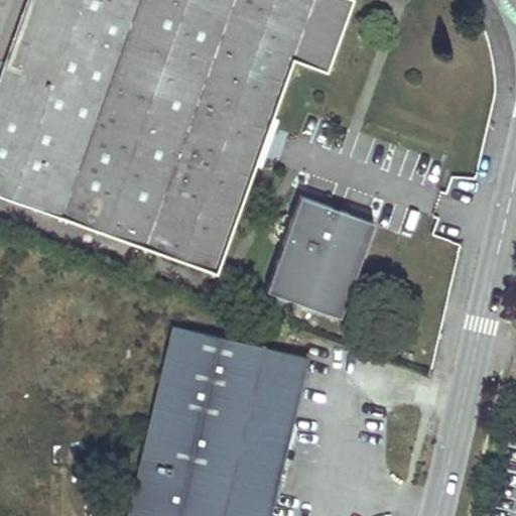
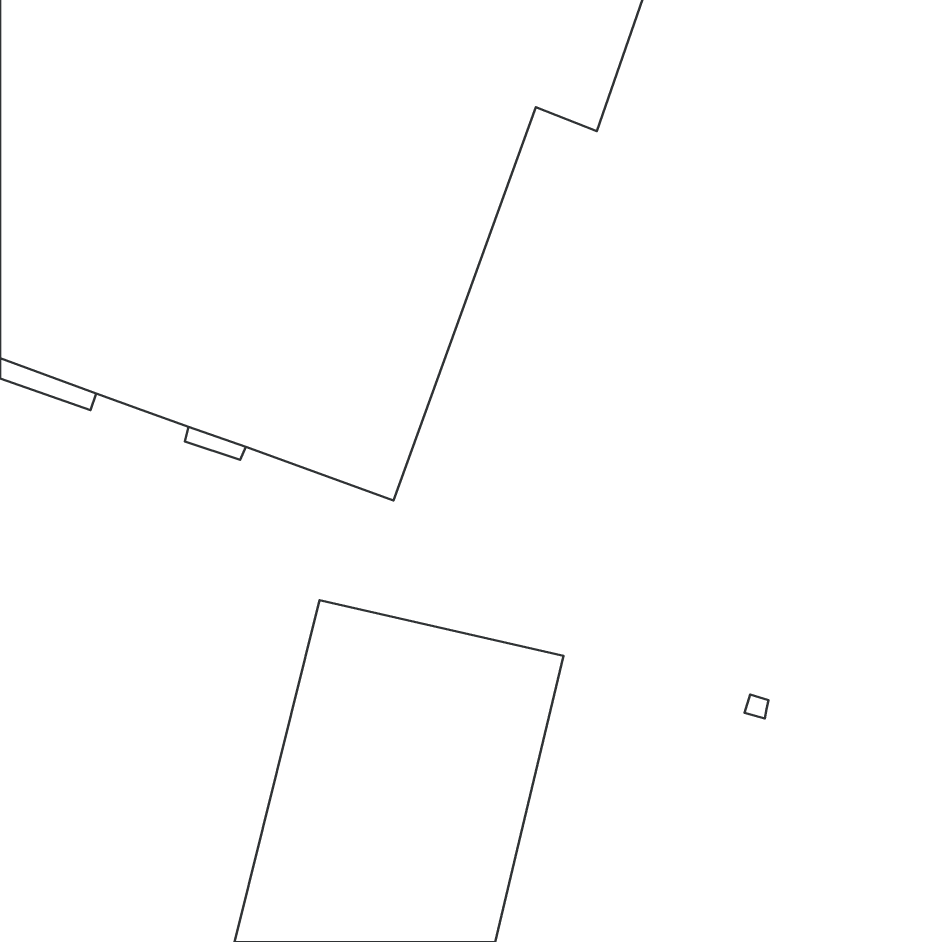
building: [266,197,374,317] -> none

